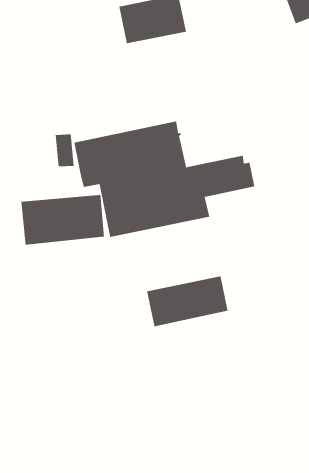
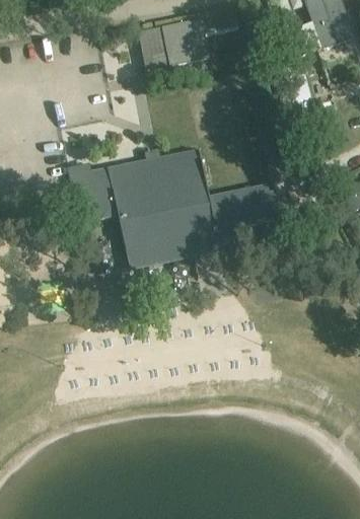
building: [21,194,105,245] -> none
building: [147,275,228,327] -> none

